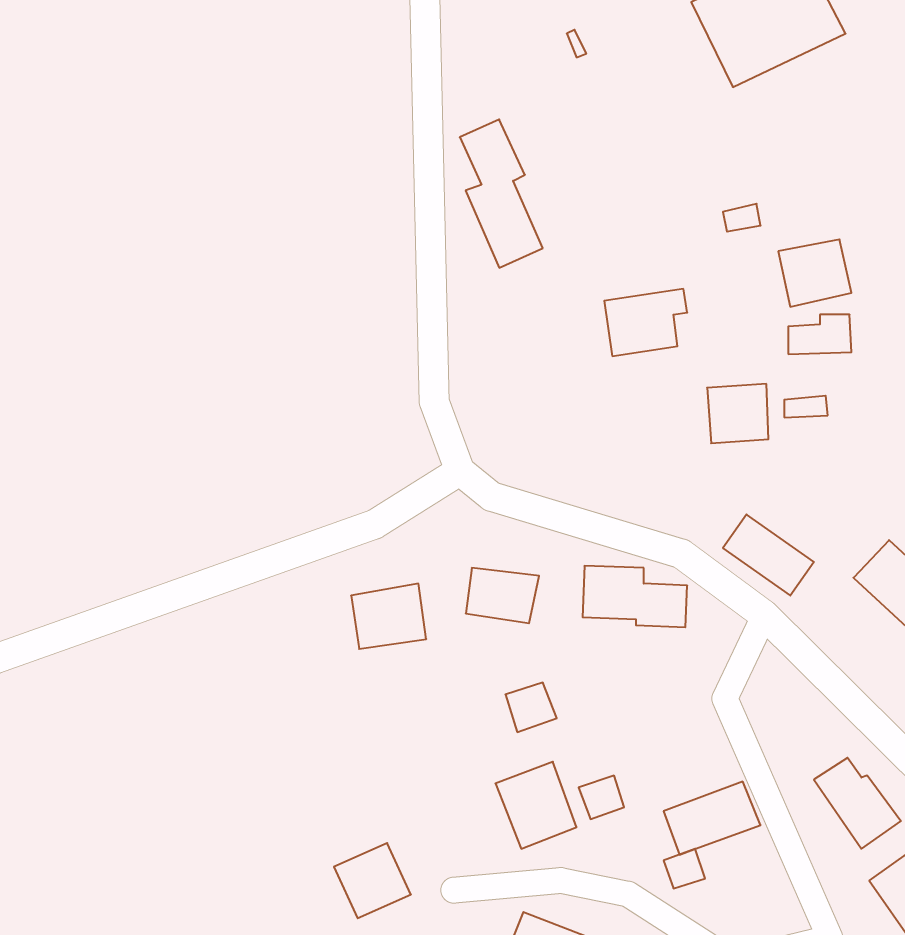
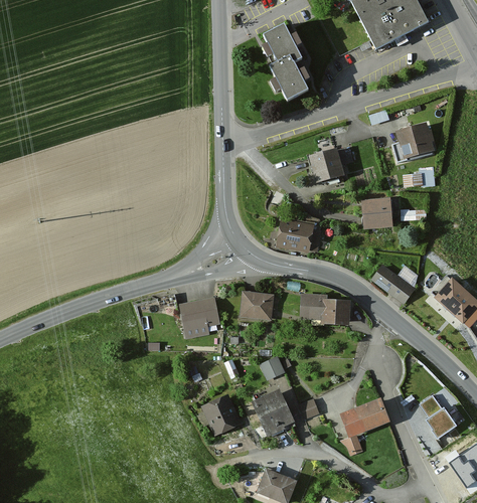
building: [460,119,543,268] -> [267,29,309,105]
building: none -> [277,217,316,254]
building: [334,843,411,918] -> [201,395,241,434]

